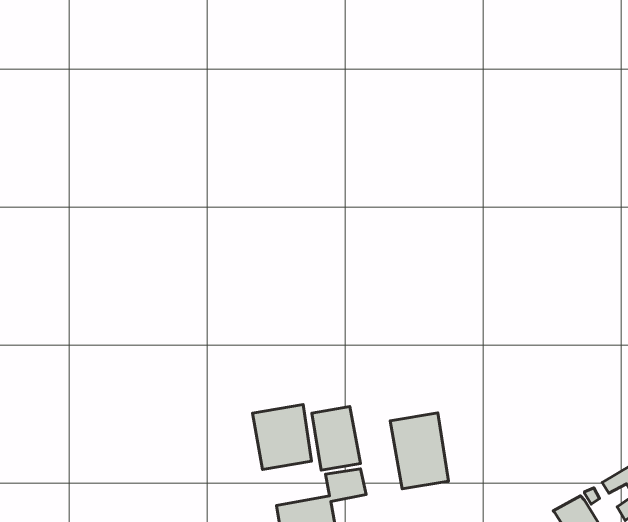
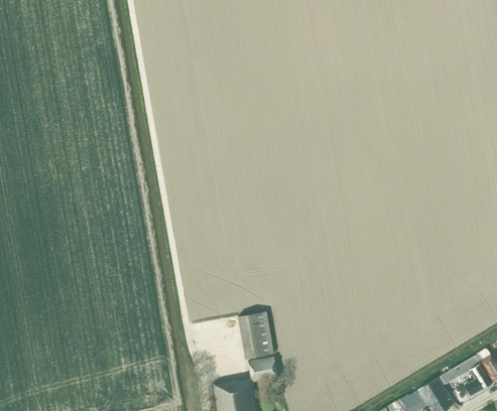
building: [252,405,311,469] -> none
building: [390,413,449,489] -> none

